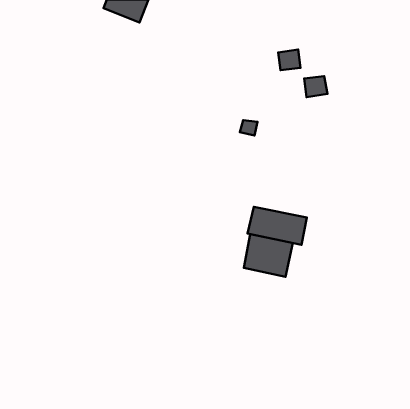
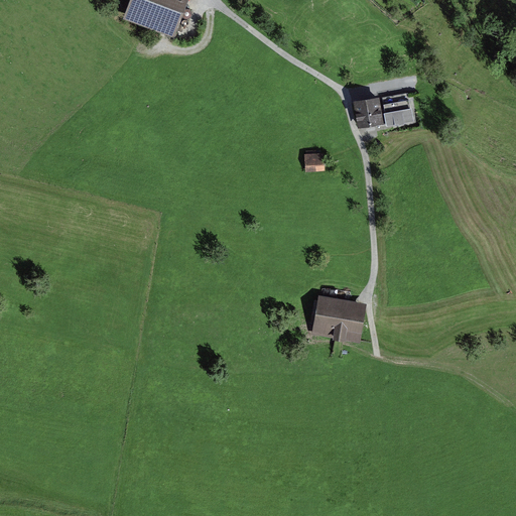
building: [278,49,301,70] -> [357,99,385,125]
building: [247,207,307,245] -> none

